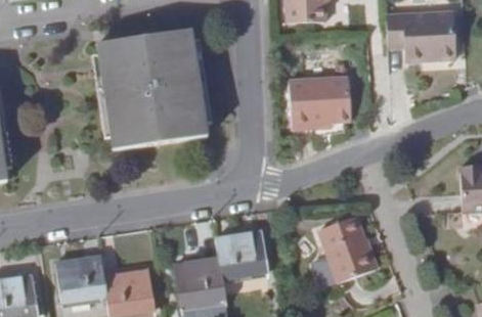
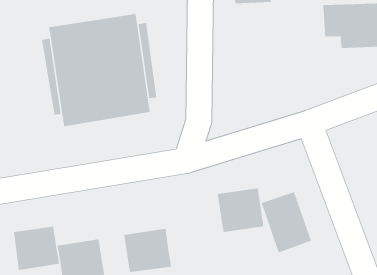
building: [290,78,350,128] -> none
building: [217,230,267,277] -> [217,188,264,232]

